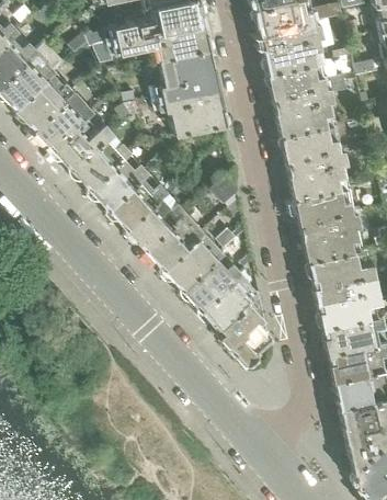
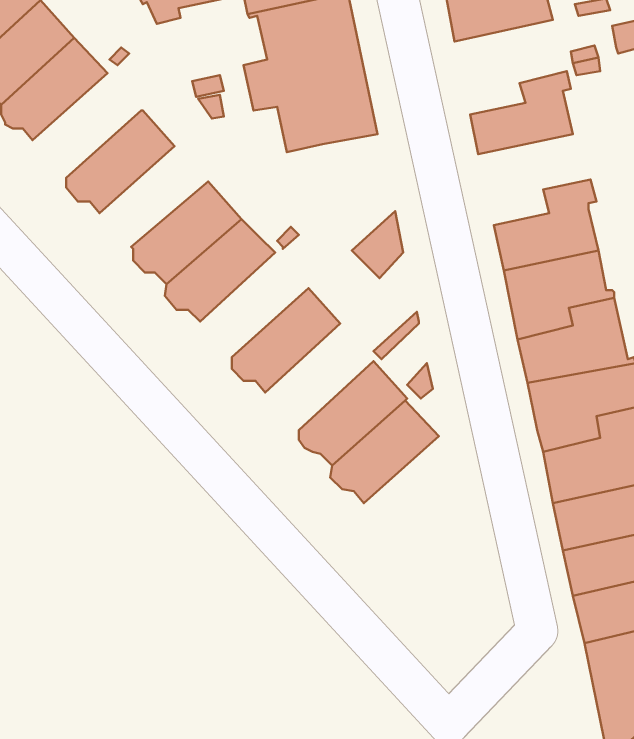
building: [269,60,331,113] -> none
building: [34,83,123,148] -> none
building: [282,124,344,174] -> none
building: [71,130,132,186] -> none
building: [127,190,187,248] -> none
building: [163,229,224,288] -> none
building: [215,289,272,365] -> none

